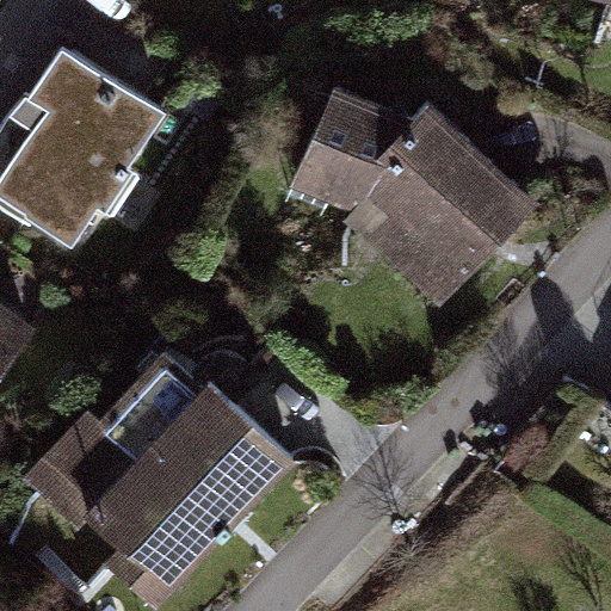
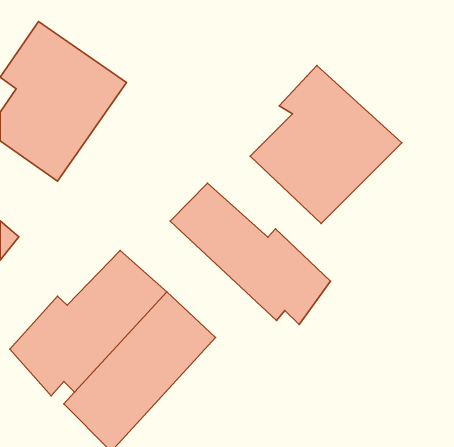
building: [285,85,414,211] -> none
building: none -> [170,183,330,325]

